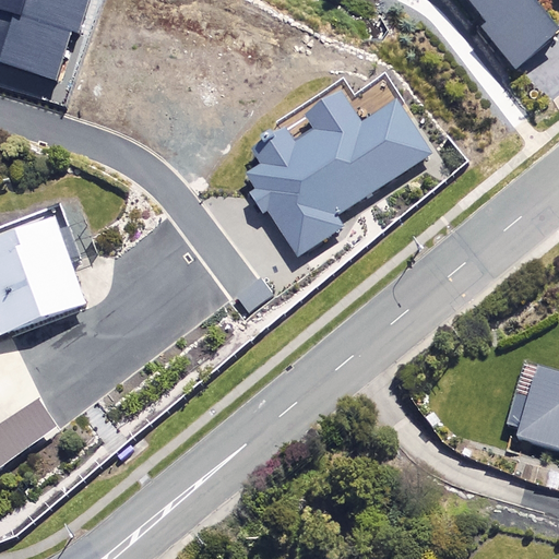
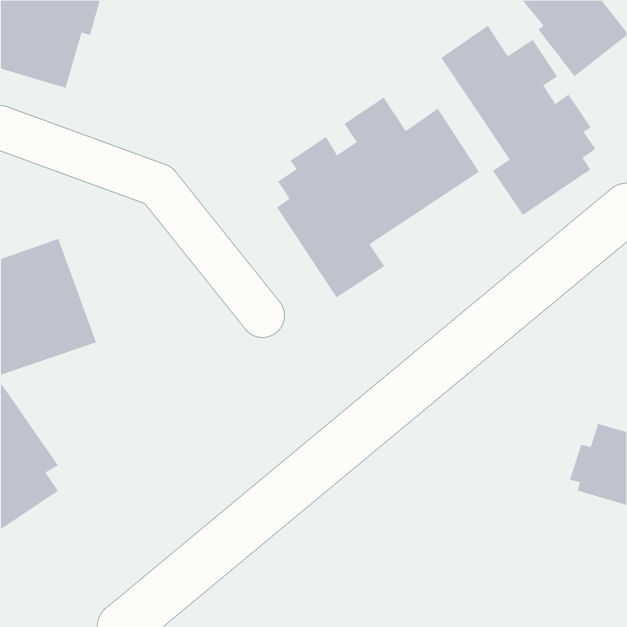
building: none -> [440,25,596,216]

